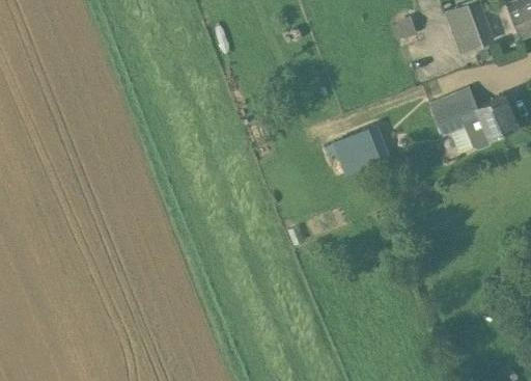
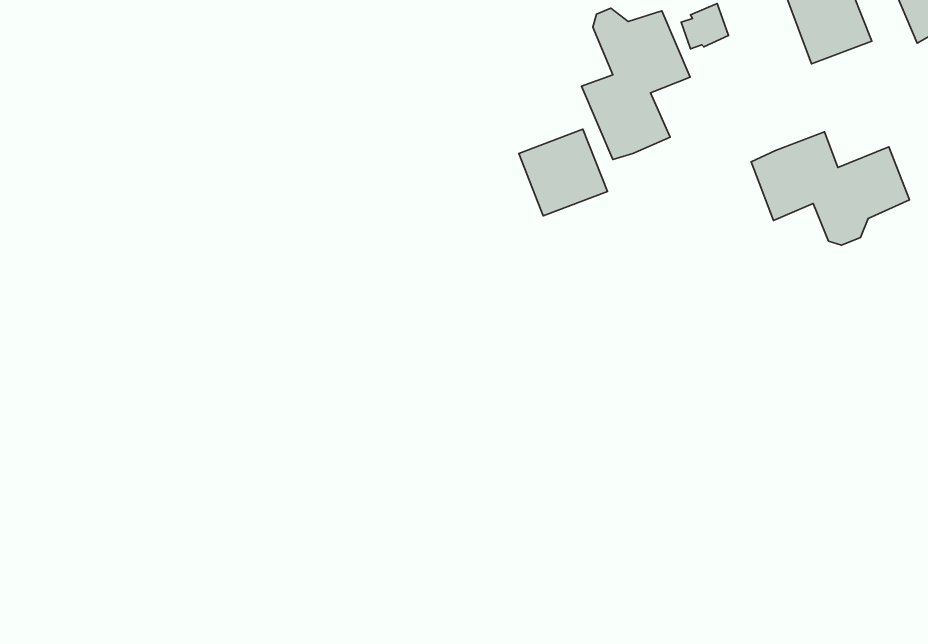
building: none -> [581,8,690,160]
building: [336,127,385,174] -> [519,129,608,216]

